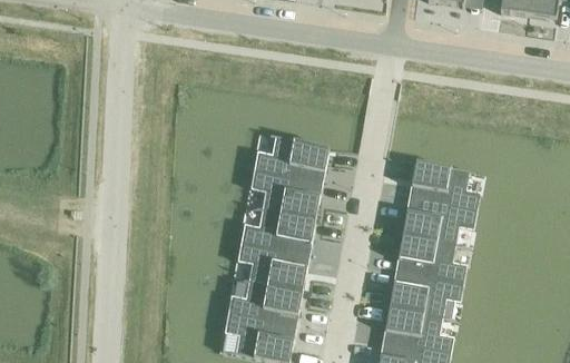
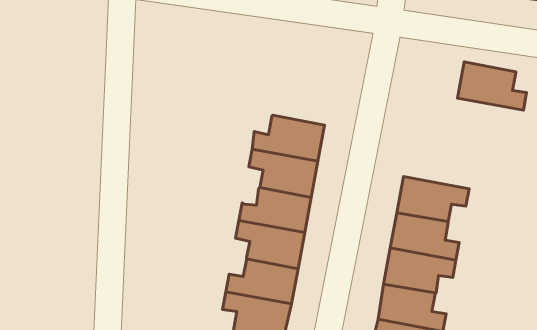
building: [410,160,480,209] -> [458,62,527,110]

